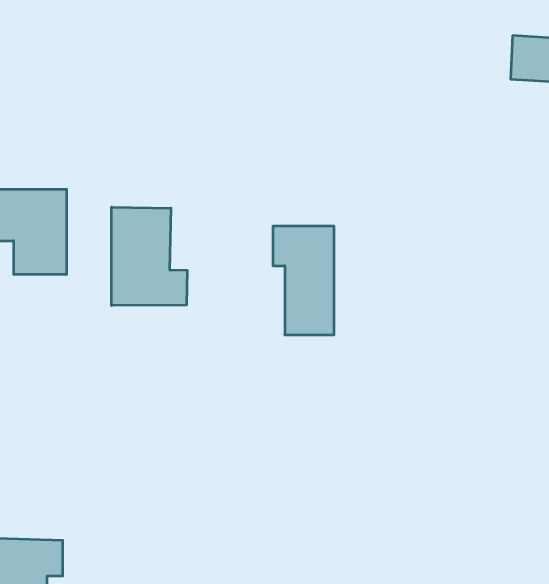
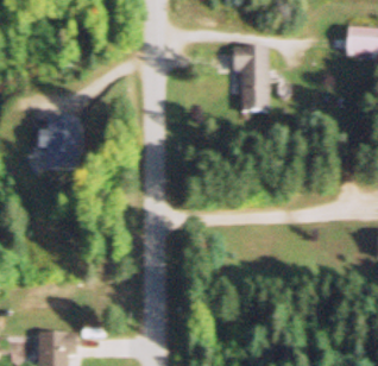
building: [112,207,187,306] -> none
building: [273,226,334,335] -> [233,46,270,112]

